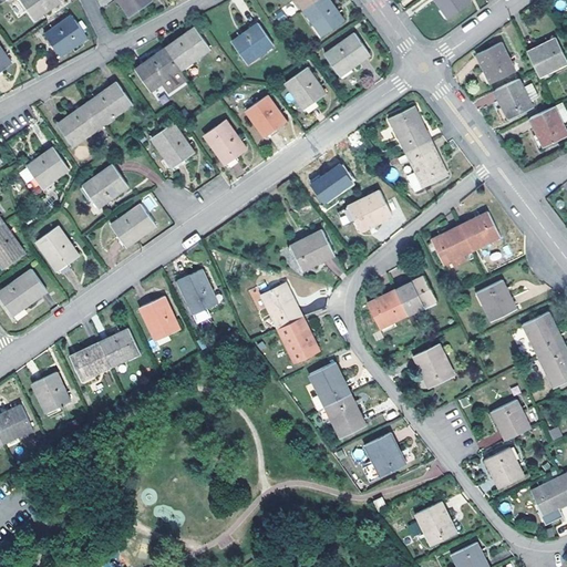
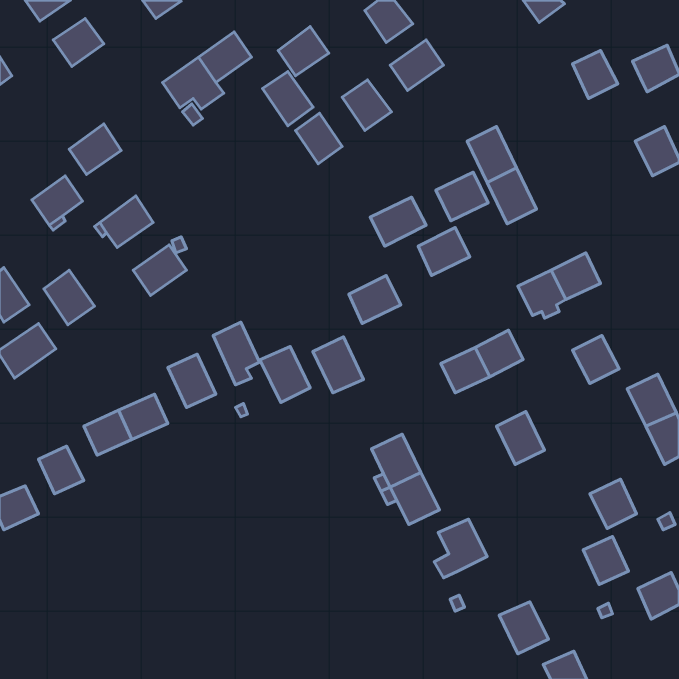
building: [494,80,532,120] -> none
building: [86,82,132,126] -> none
building: [204,120,246,165] -> [263,71,313,126]
building: [152,123,194,168] -> none
building: none -> [436,172,488,221]
building: [277,317,319,363] -> [260,347,310,403]

